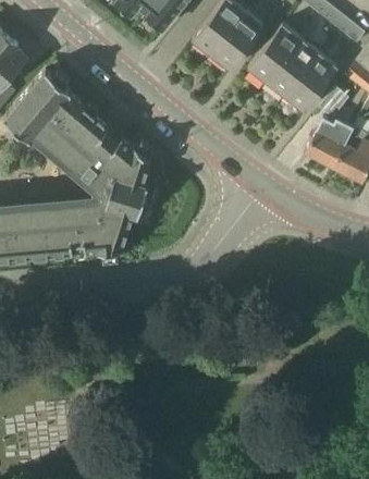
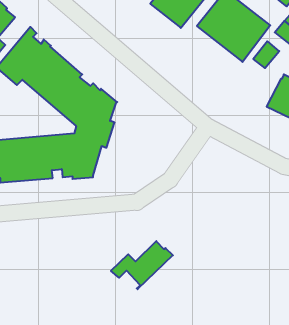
building: [307,118,352,165] -> none
building: none -> [111,241,173,289]

